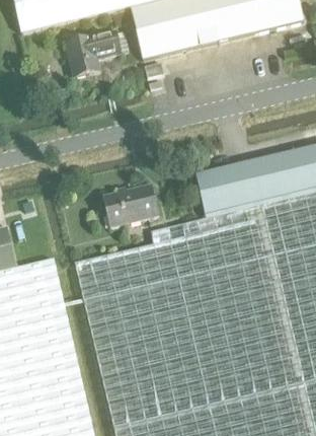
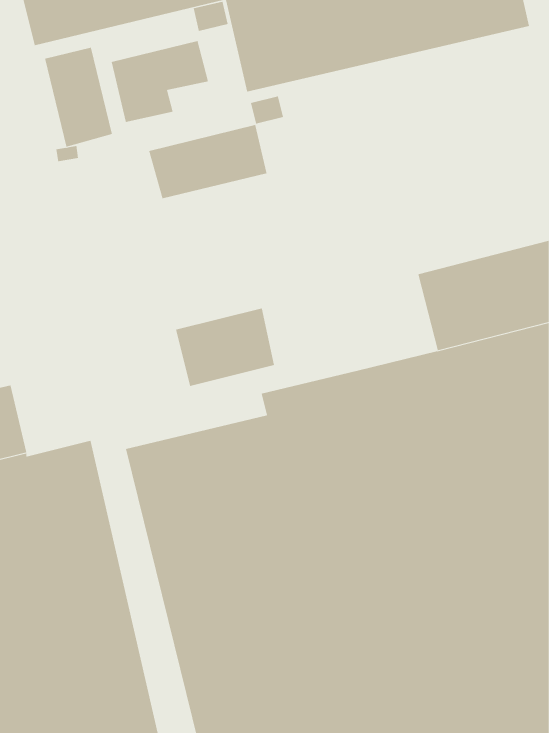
building: none -> [44,47,112,147]
building: none -> [149,124,267,199]
building: [195,164,251,219] -> none

